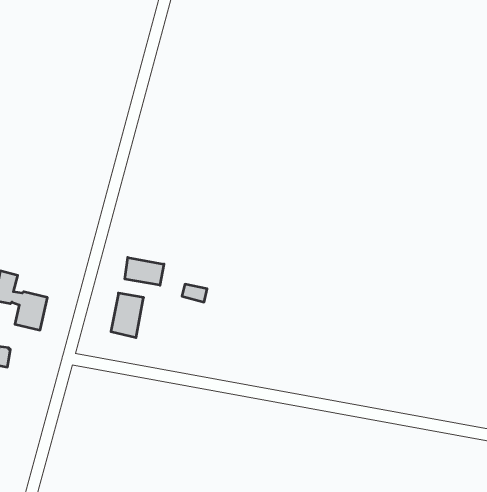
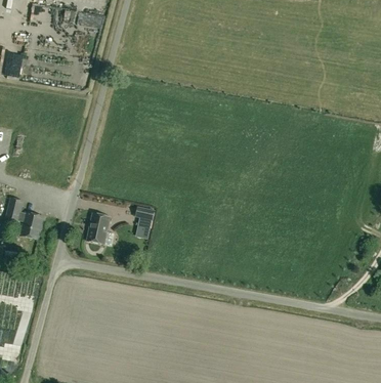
building: [125,257,164,285] -> none

